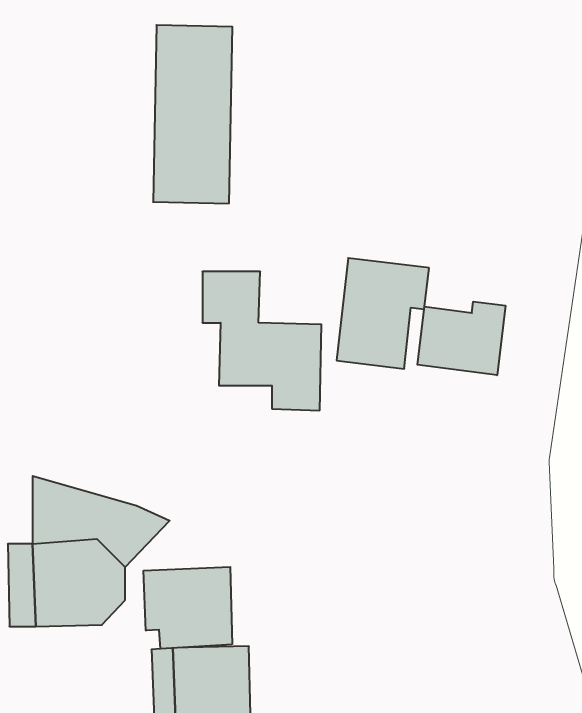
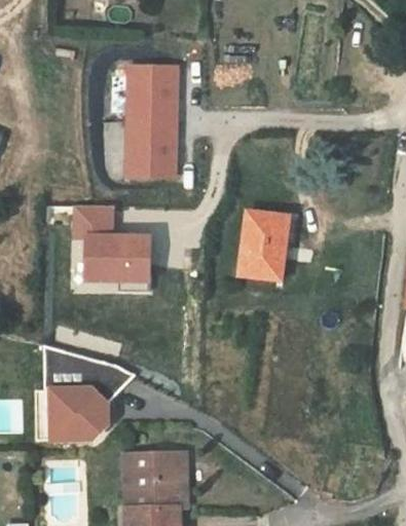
building: [202,272,321,410] -> [73,205,147,292]
building: [417,302,505,375] -> none
building: [144,567,232,649] -> none

